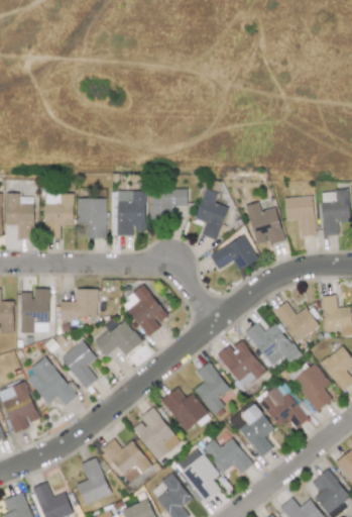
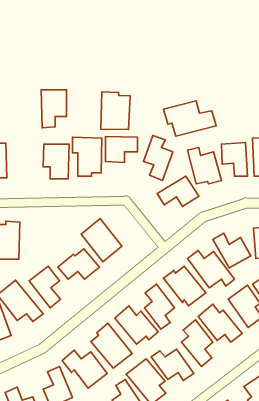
building: none -> [101,92,130,130]
building: none -> [164,101,216,136]
building: [45,194,75,238] -> [41,90,66,128]
building: [62,289,99,318] -> none

